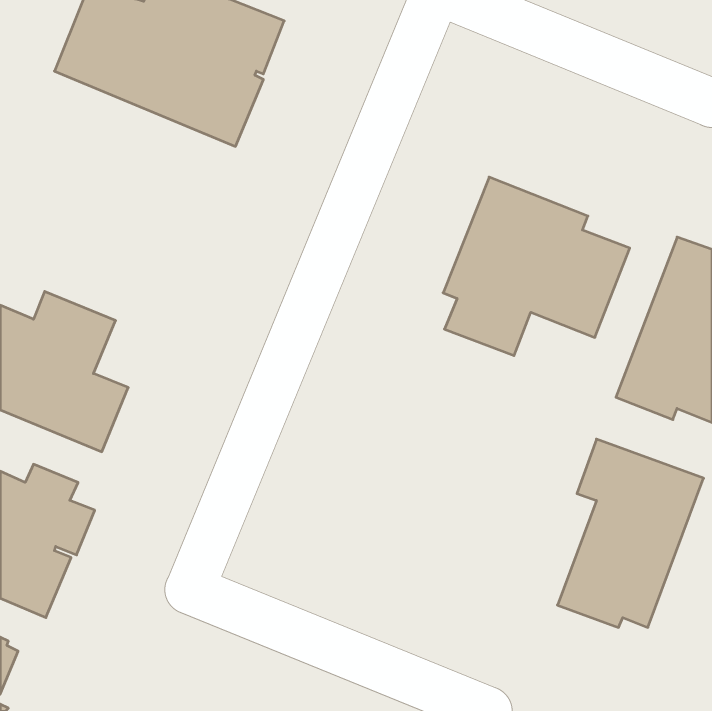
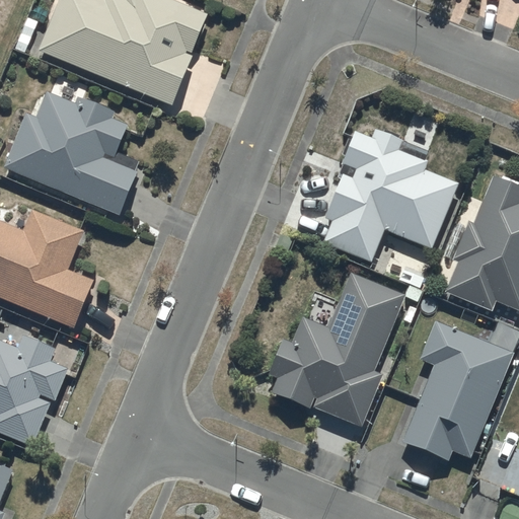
building: none -> [4,92,139,217]
building: none -> [273,271,409,420]

